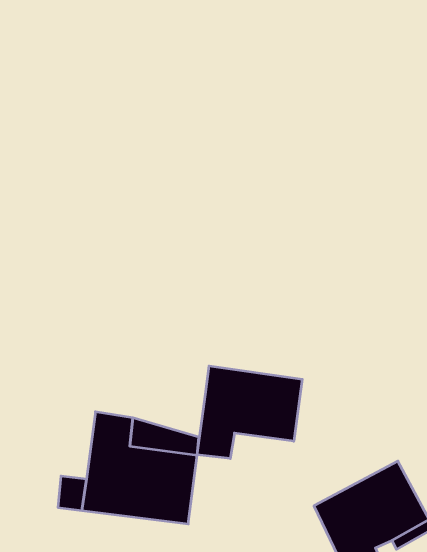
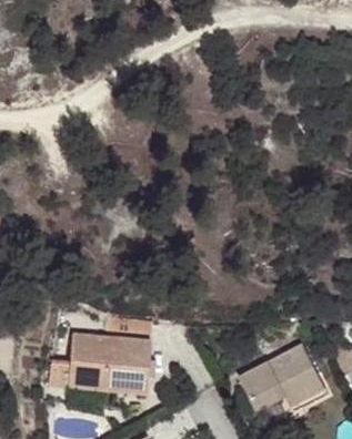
building: [197,366,302,459] -> none

